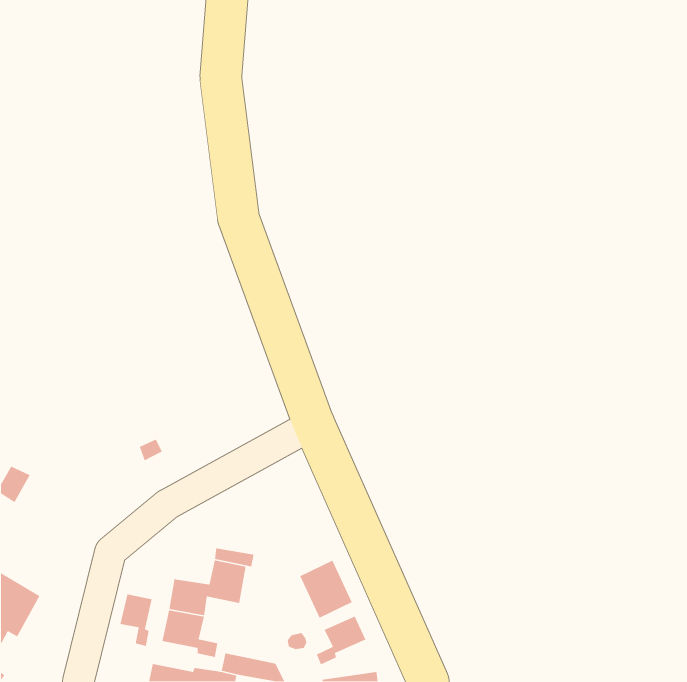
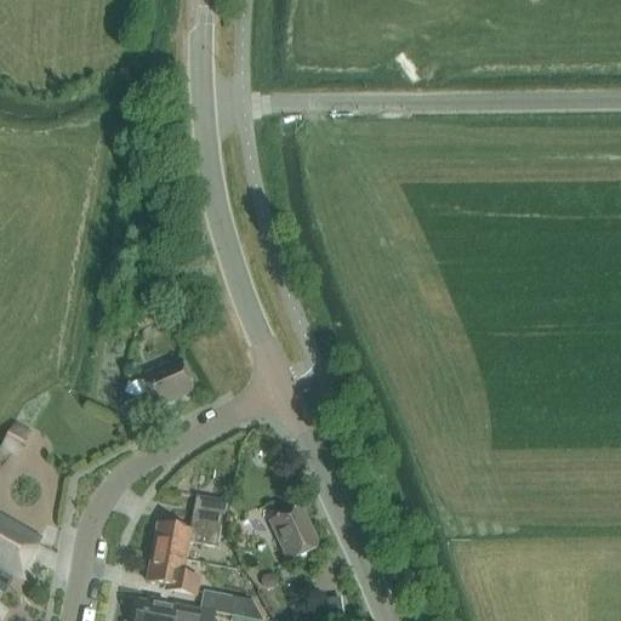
building: none -> [139,357,193,406]
building: [120,593,152,647] -> none
building: [316,615,366,665] -> none

